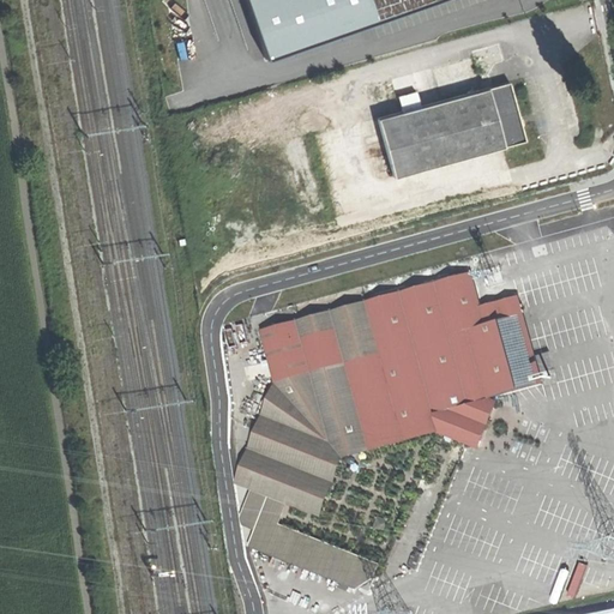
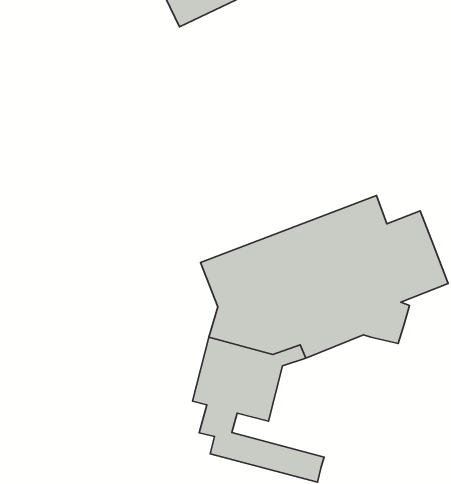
building: [386,82,532,176] -> none

